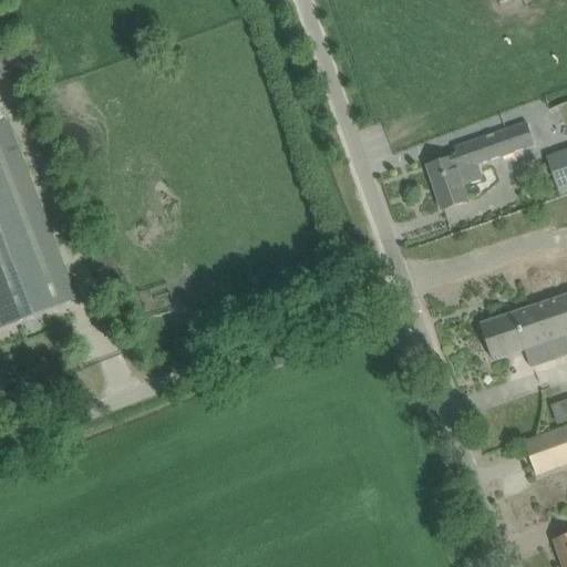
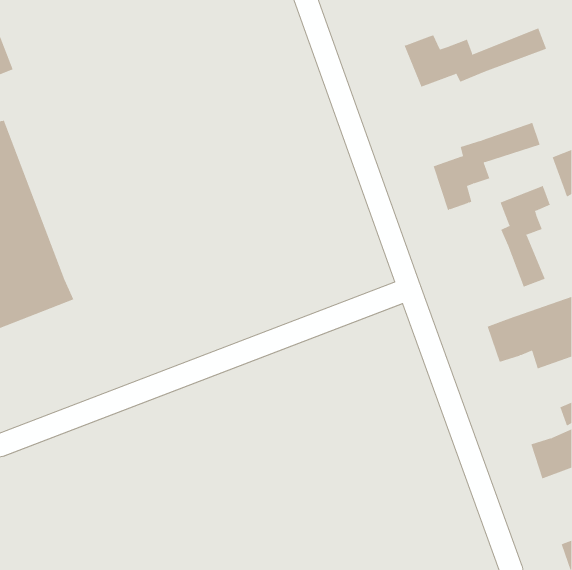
building: none -> [404,27,547,88]
building: none -> [500,185,551,287]

